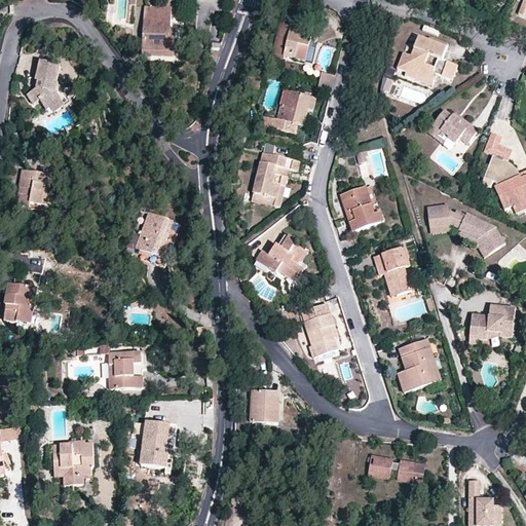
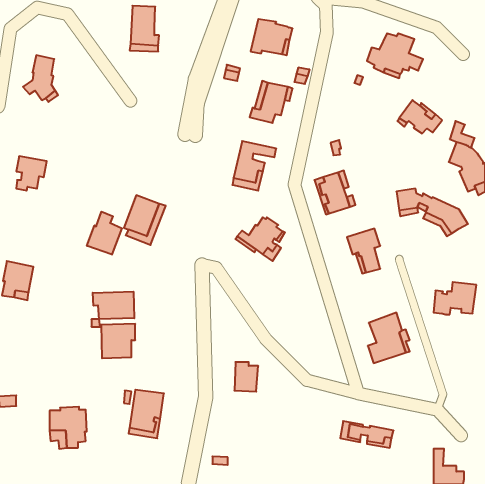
building: none -> [87,212,122,255]
building: [300,302,337,355] -> none
building: none -> [93,292,134,319]

